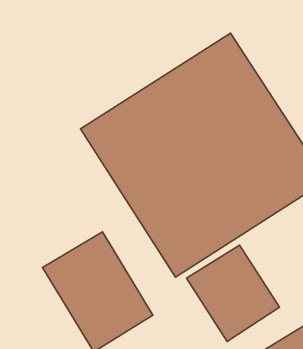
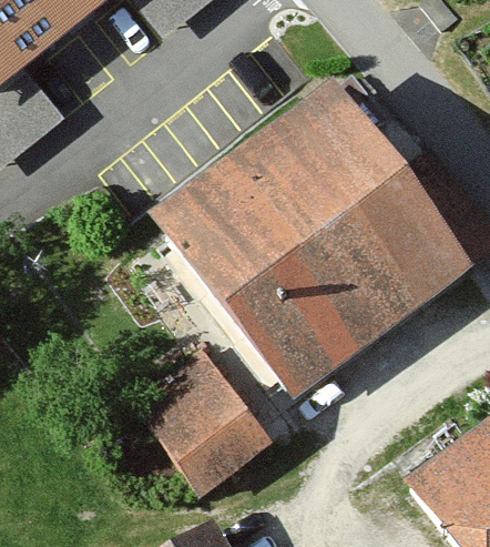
building: [187,245,280,341] -> none

